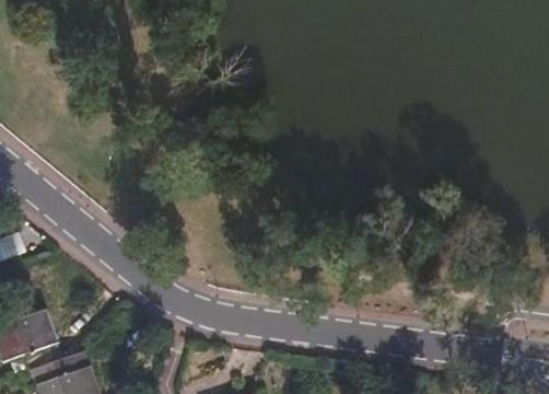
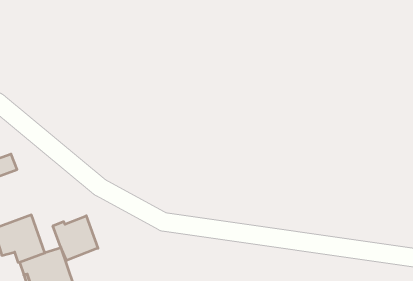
building: none -> [53,216,98,261]

